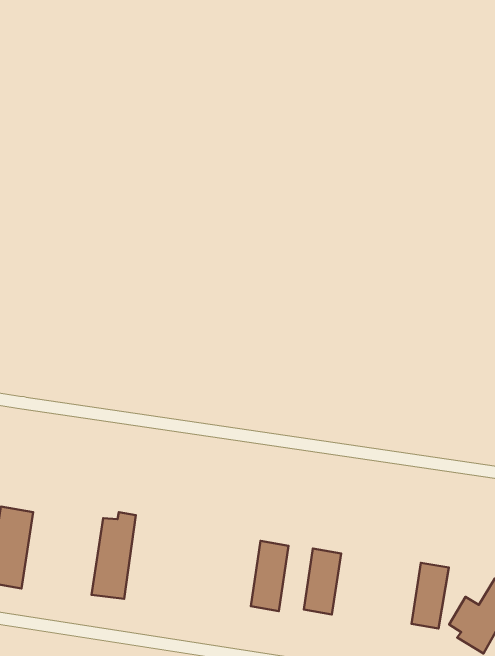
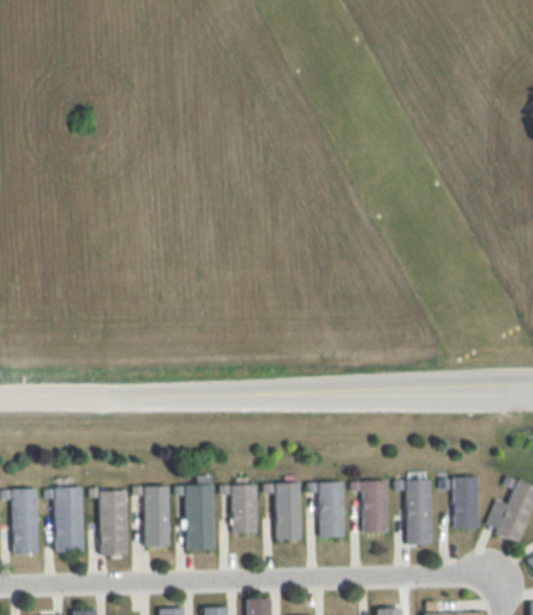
building: none -> [143,485,169,547]
building: none -> [232,484,257,533]
building: none -> [275,483,300,539]
building: none -> [406,479,432,544]

